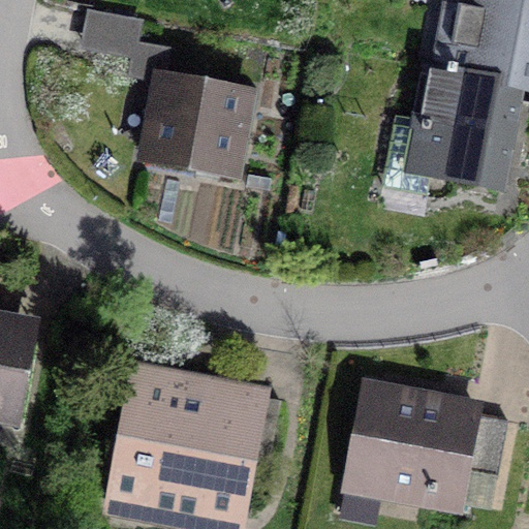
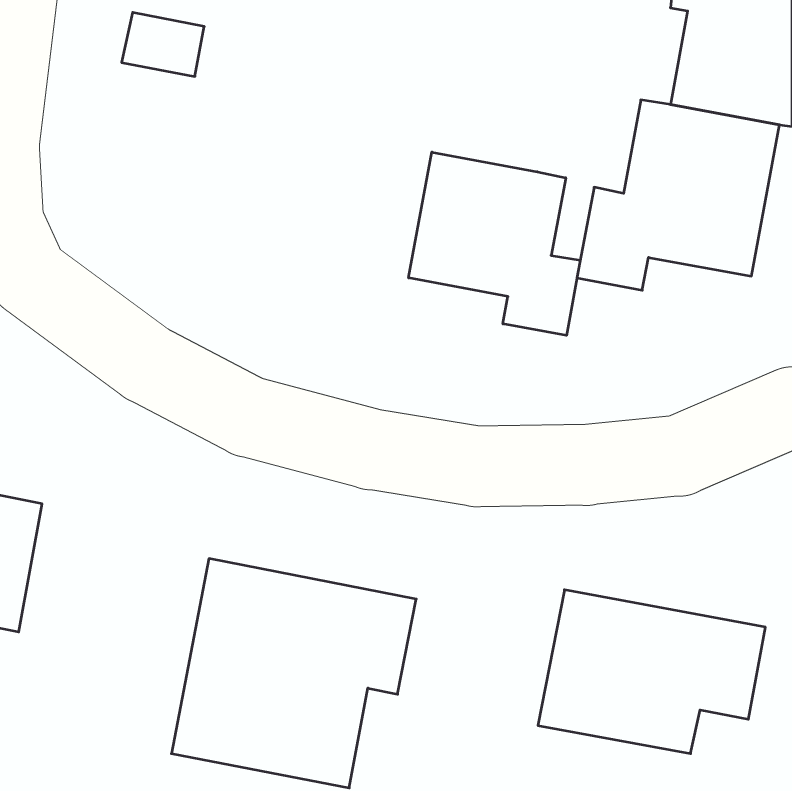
building: [142,72,246,173] -> none
building: none -> [409,152,580,335]

